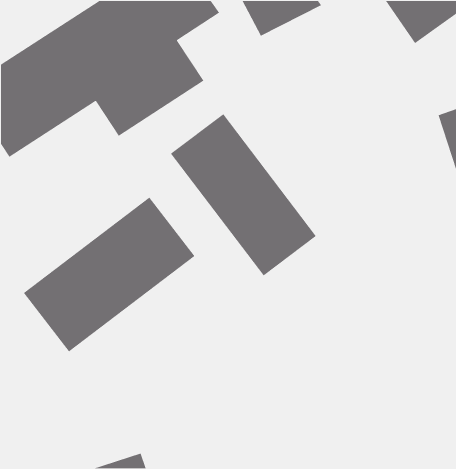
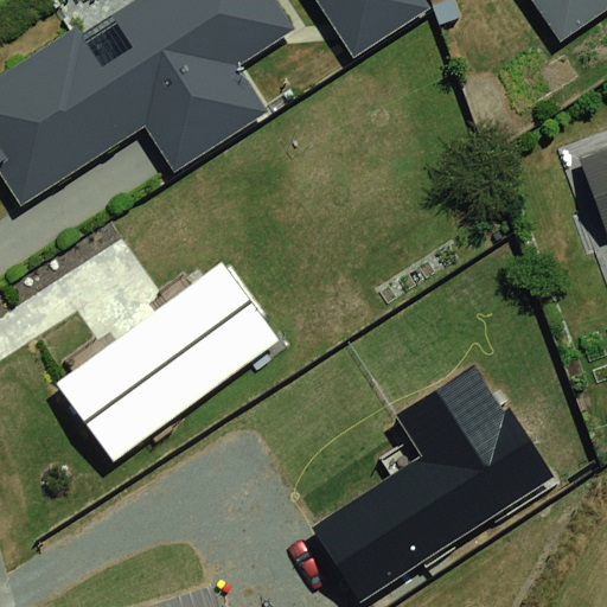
building: [170,113,317,277] -> none
building: none -> [311,359,537,595]

